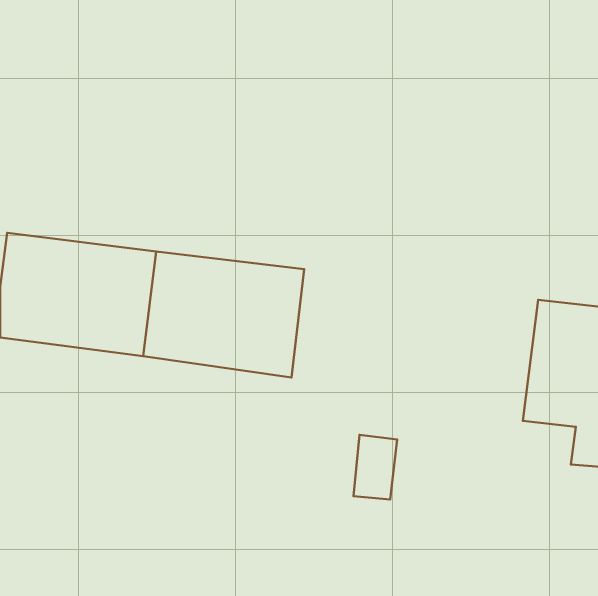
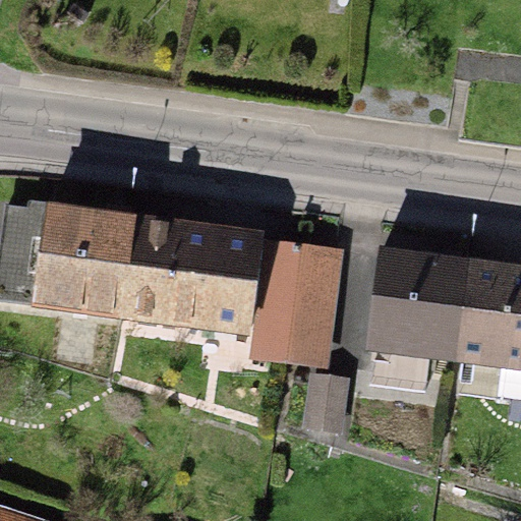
building: none -> [257,235,333,363]
building: none -> [367,248,468,364]

